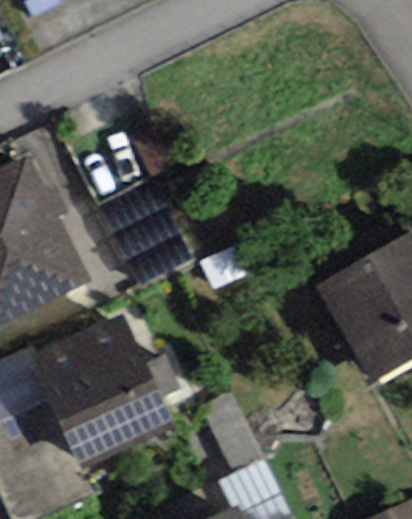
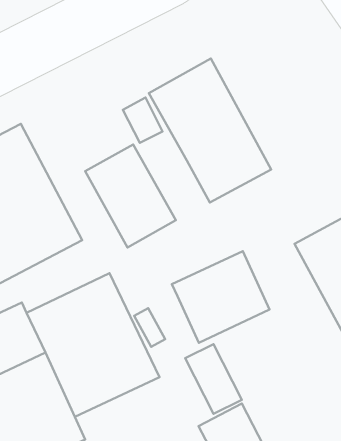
building: none -> [149,59,271,203]
building: none -> [172,251,270,343]

